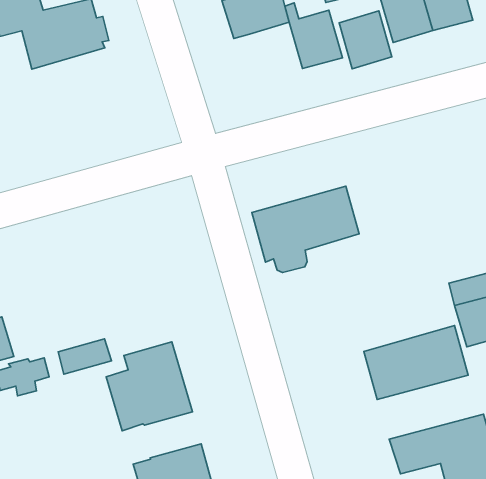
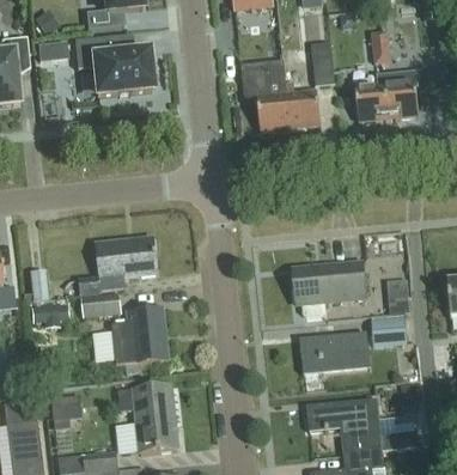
building: [339,11,392,69] -> [257,92,291,130]
building: [252,186,359,272] -> [292,260,366,313]
building: none -> [78,237,158,292]

